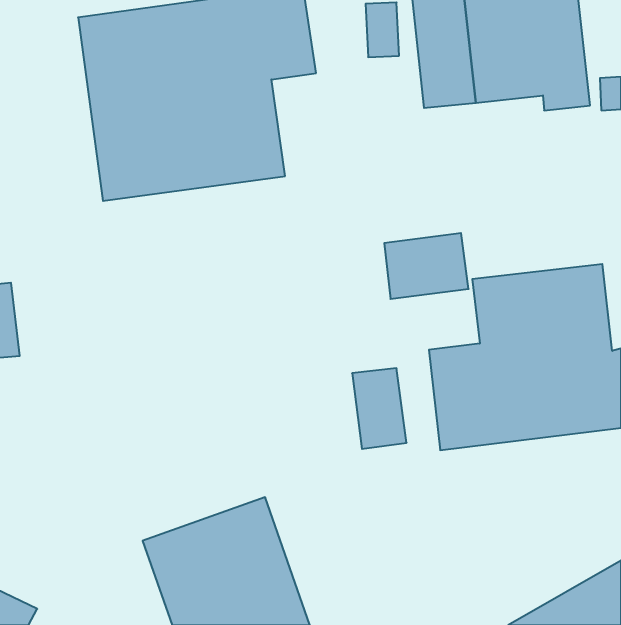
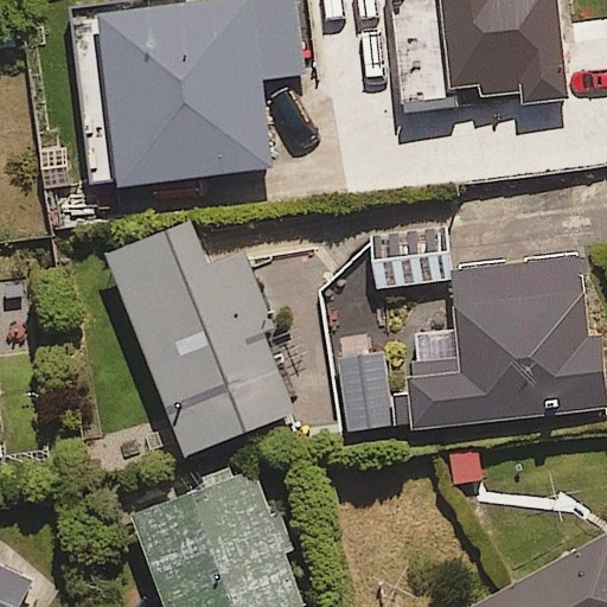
building: none -> [111,222,299,455]

